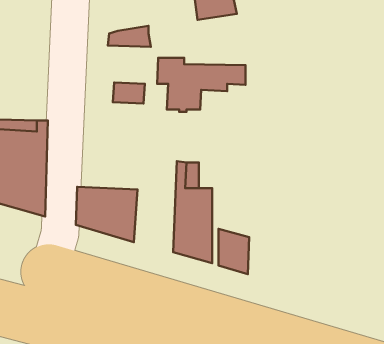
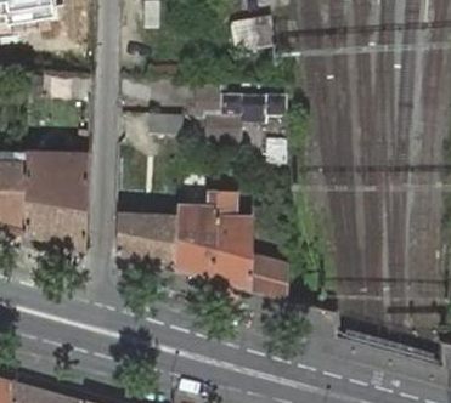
building: none -> [173,189,215,279]

